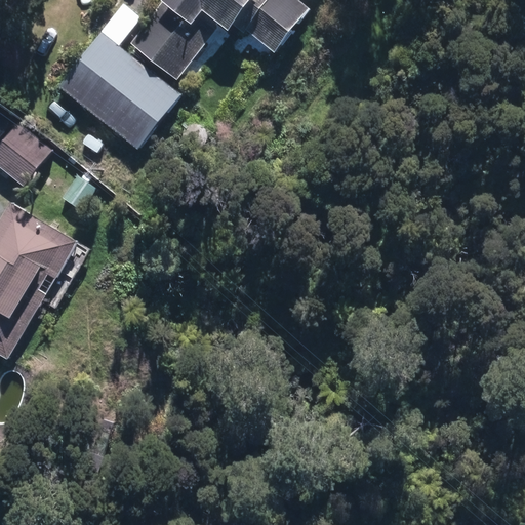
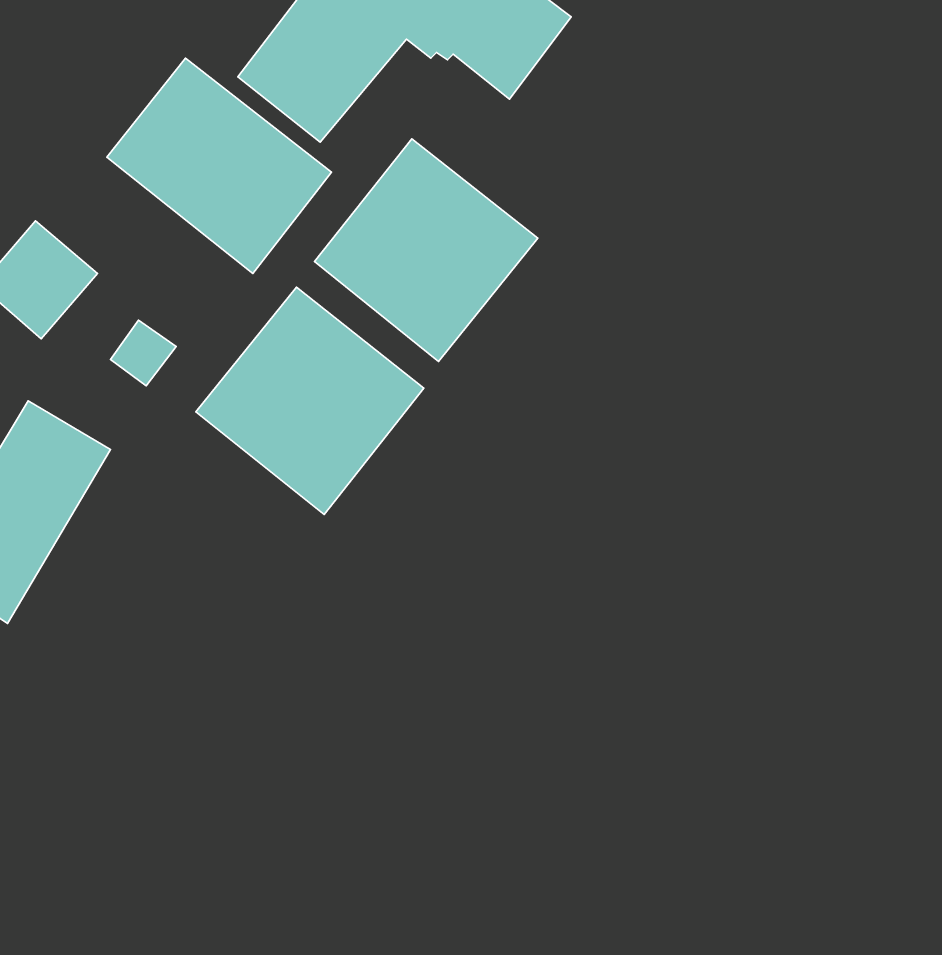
building: none -> [315,139,538,361]
building: none -> [196,287,424,515]

